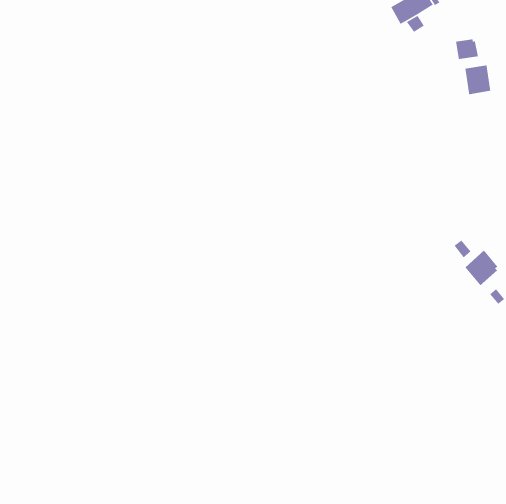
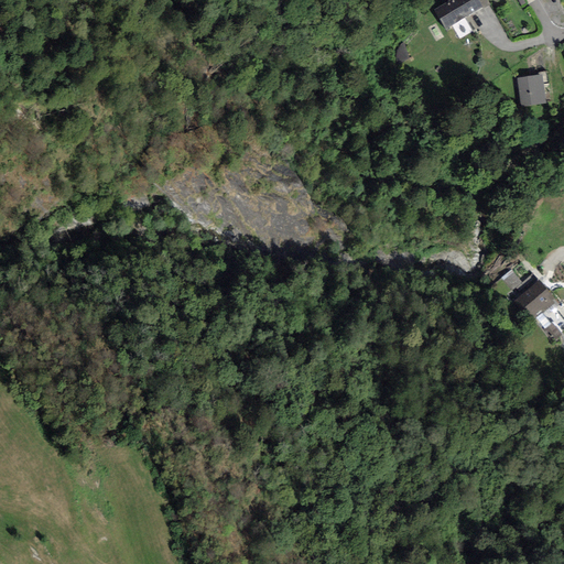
building: [455,39,479,60] -> none

